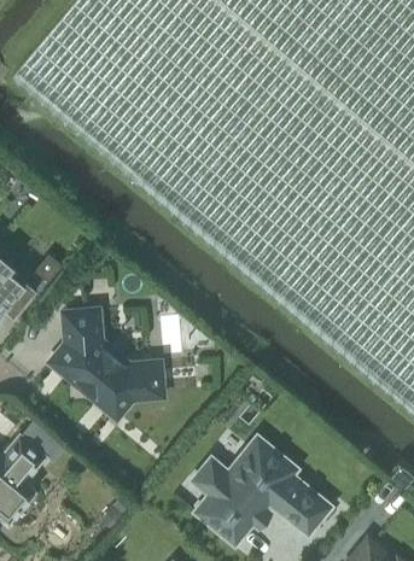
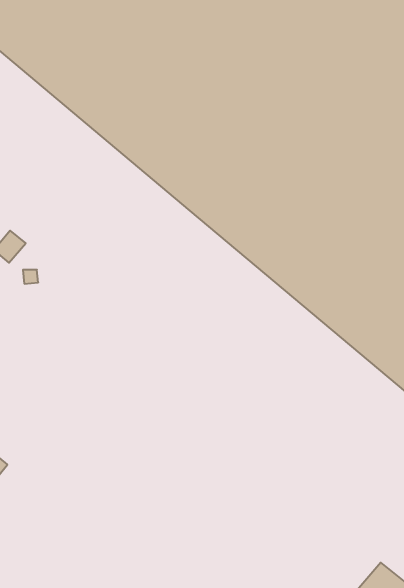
building: [52,309,153,413] -> none
building: [196,433,330,539] -> none

